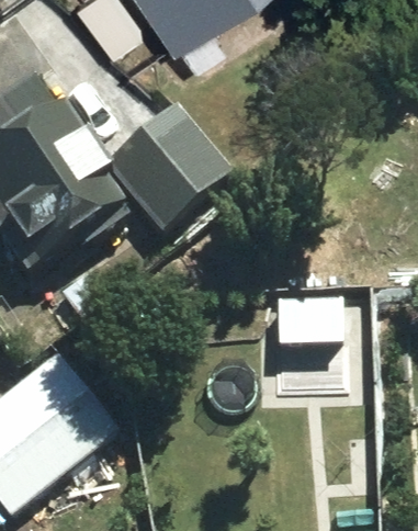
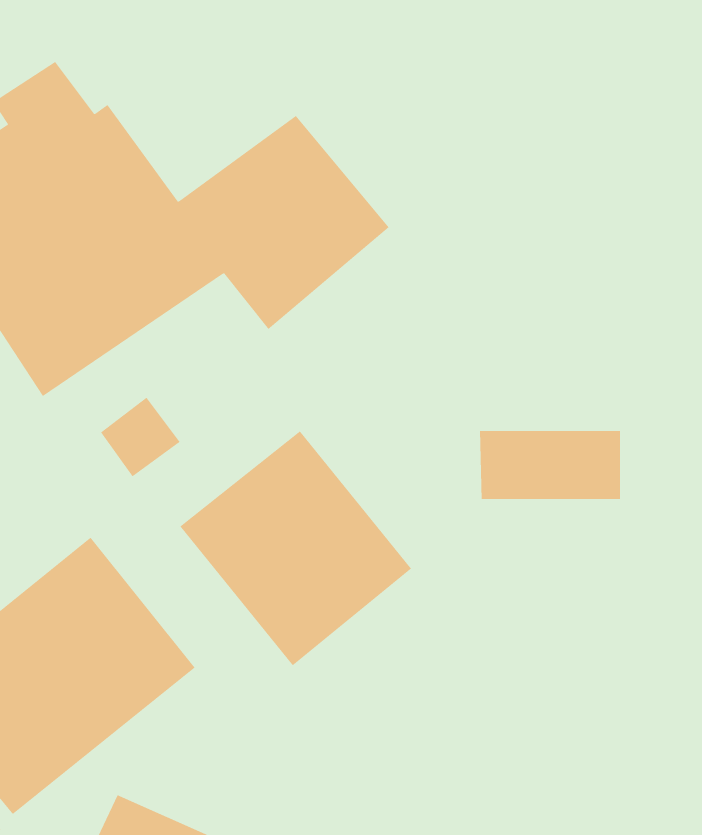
building: none -> [180,431,412,666]

